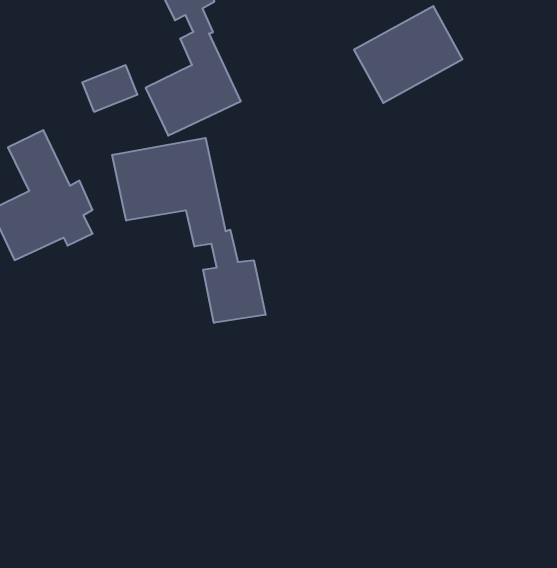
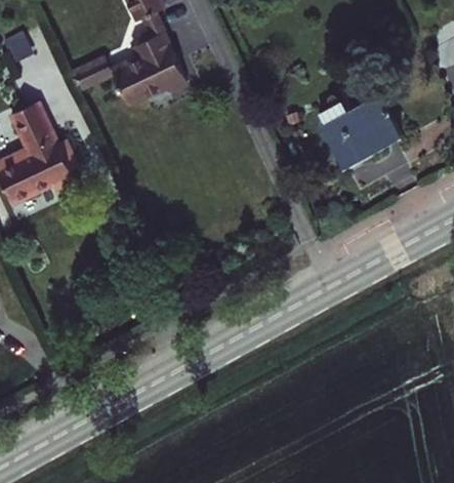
building: [354,6,463,103] -> [315,93,399,168]
building: [112,138,266,323] -> none

